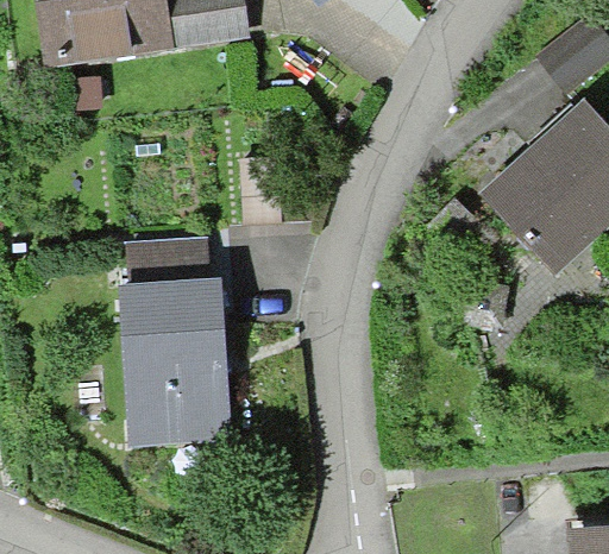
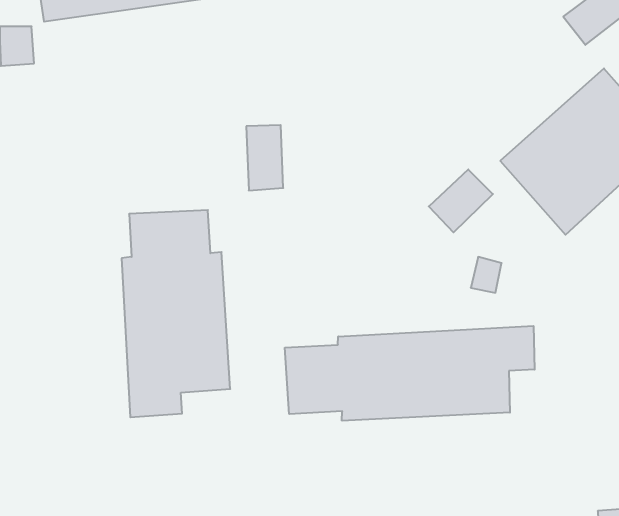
building: none -> [285,326,535,421]

